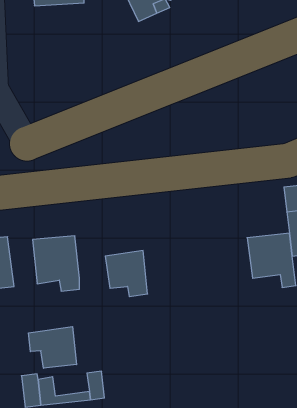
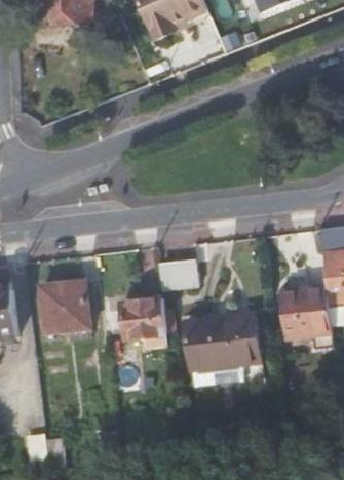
building: none -> [157,262,198,289]
building: none -> [185,312,260,387]
building: [29,327,77,368] -> none

